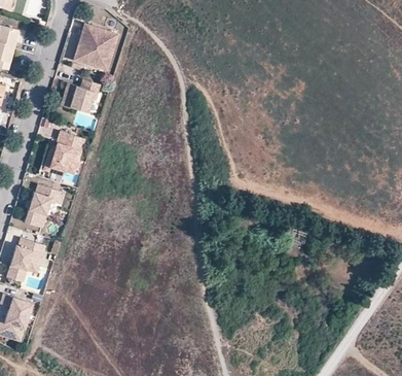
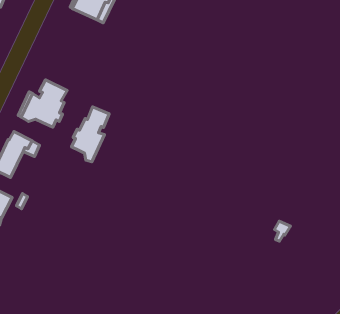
building: [62,79,103,113] -> none
building: none -> [71,107,109,162]

